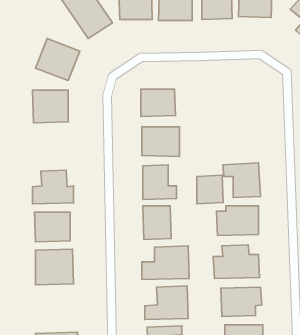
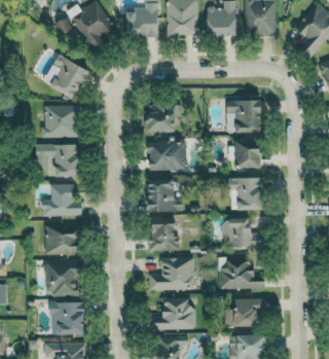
building: none -> [225,100,263,133]
building: none -> [35,145,81,177]
building: [197,175,223,204] -> [236,140,262,168]
building: none -> [49,301,84,334]

